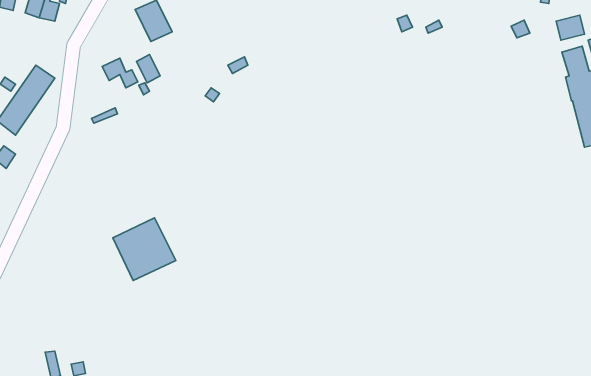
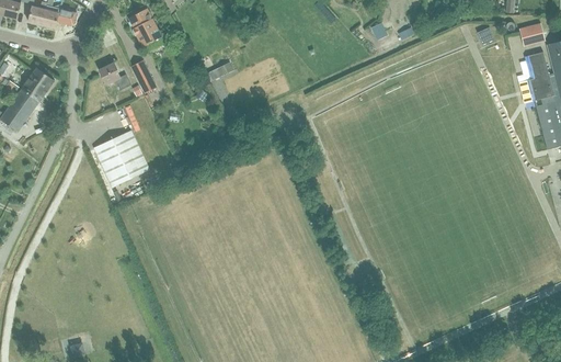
building: [113,218,176,281] -> [93,131,151,189]

